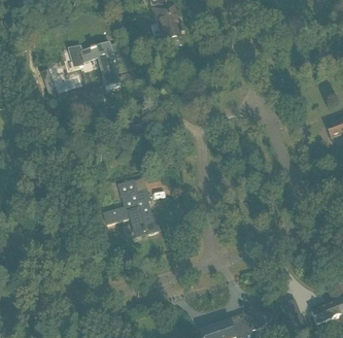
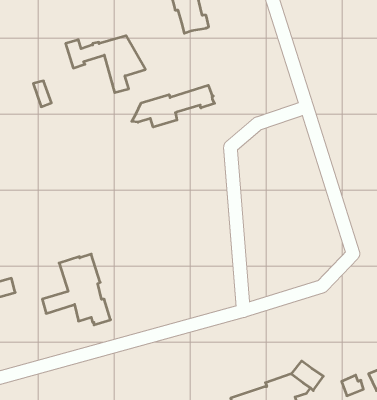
building: none -> [132,85,215,127]
building: [103,177,158,234] -> [42,254,111,325]

